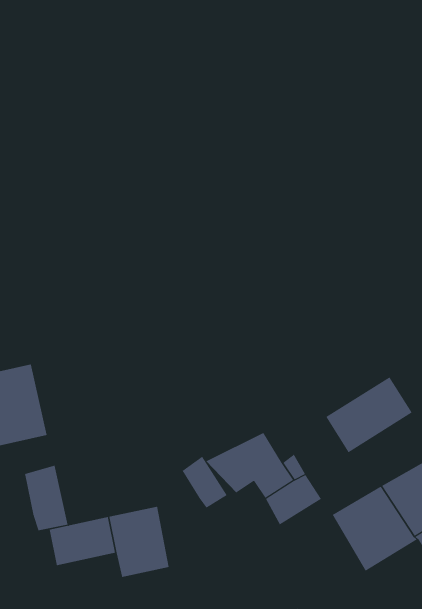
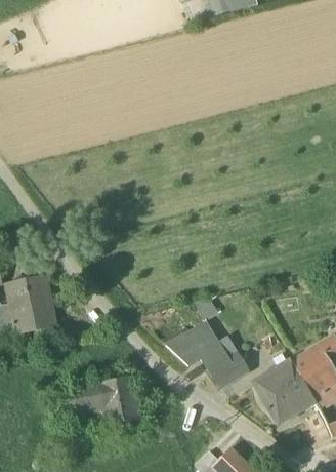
building: [326,376,412,453] -> none
building: [182,456,228,508] -> none
building: [25,465,68,531] -> none

